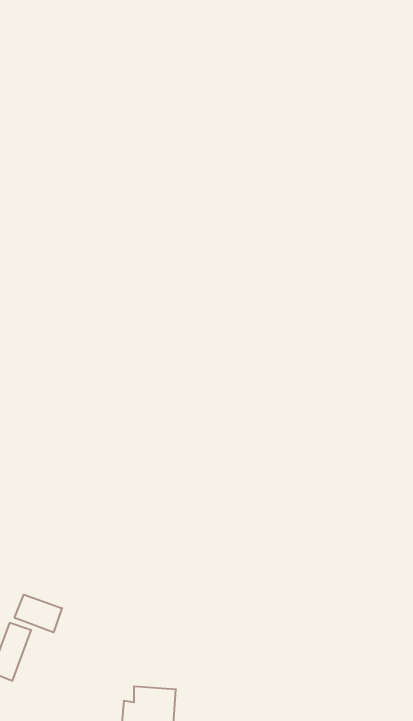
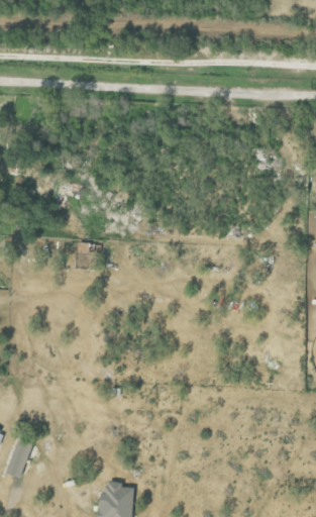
building: [15,595,62,632] -> none

